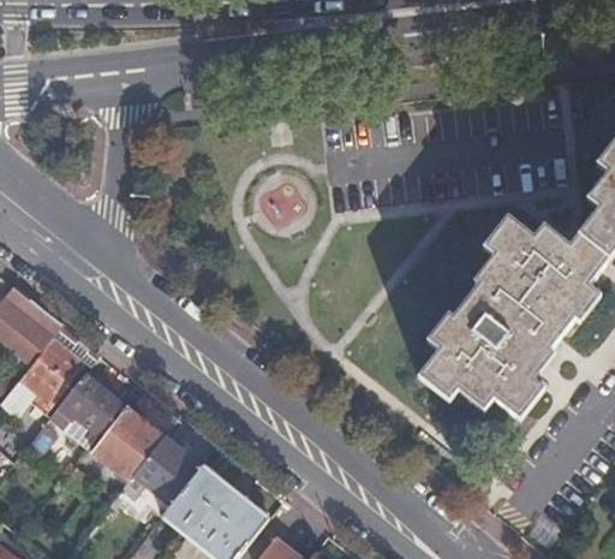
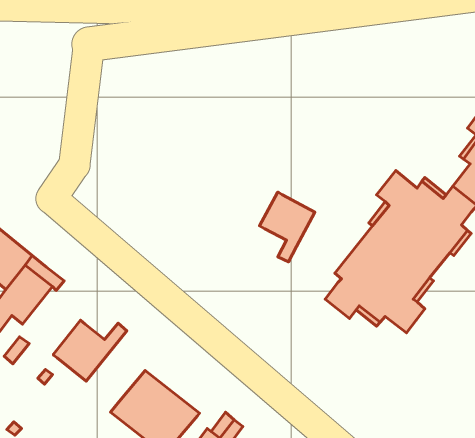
building: none -> [260,192,315,262]
building: [44,367,117,444] -> none
building: [115,434,197,502] -> none

